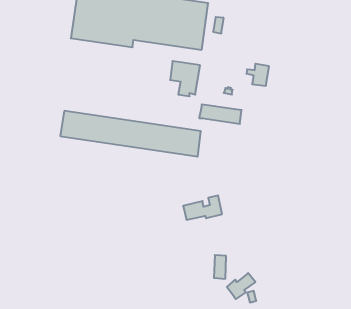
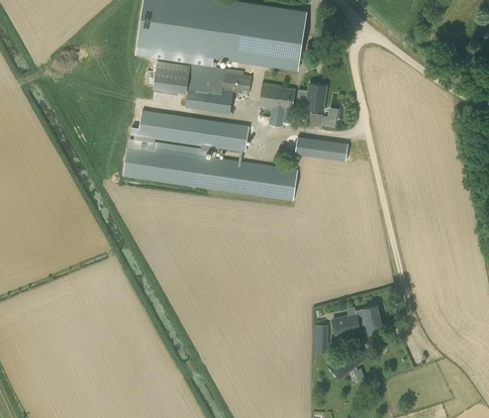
building: none -> [155,60,252,114]
building: [246,64,269,86] -> [298,83,326,110]
building: none -> [139,111,250,150]
building: [183,195,222,220] -> [332,306,381,336]

